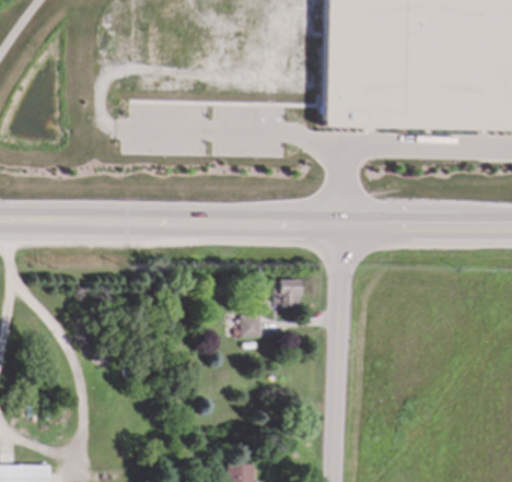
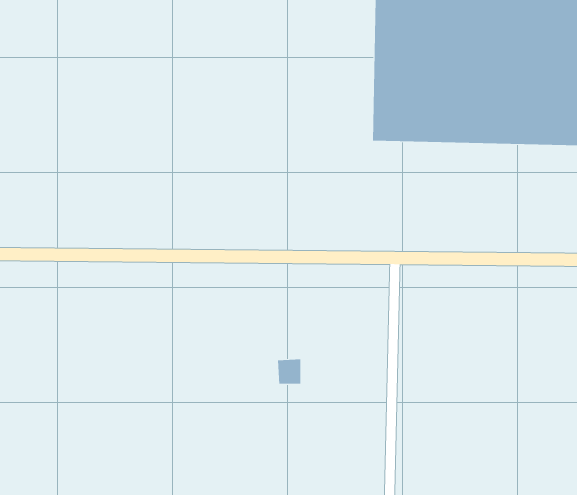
building: [275,279,302,305] -> none

